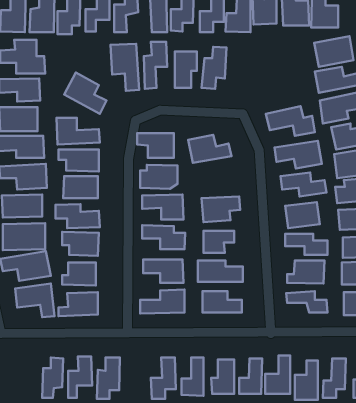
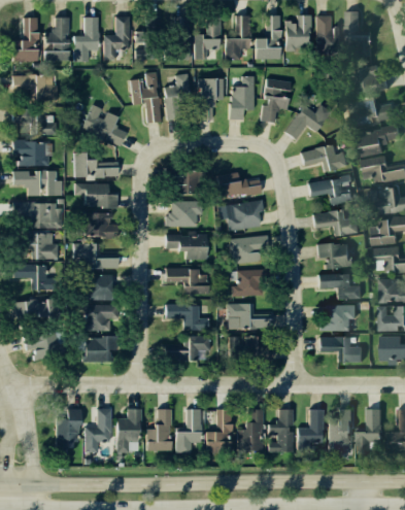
building: none -> [261,79,293,124]
building: none -> [283,104,331,142]
building: none -> [225,200,266,231]
building: none -> [145,408,171,450]

